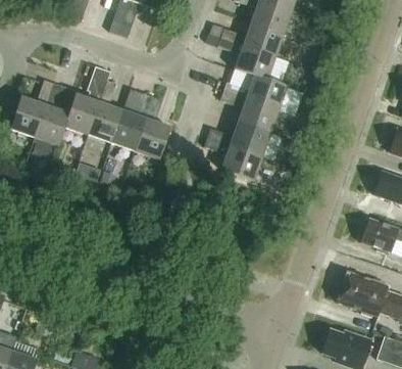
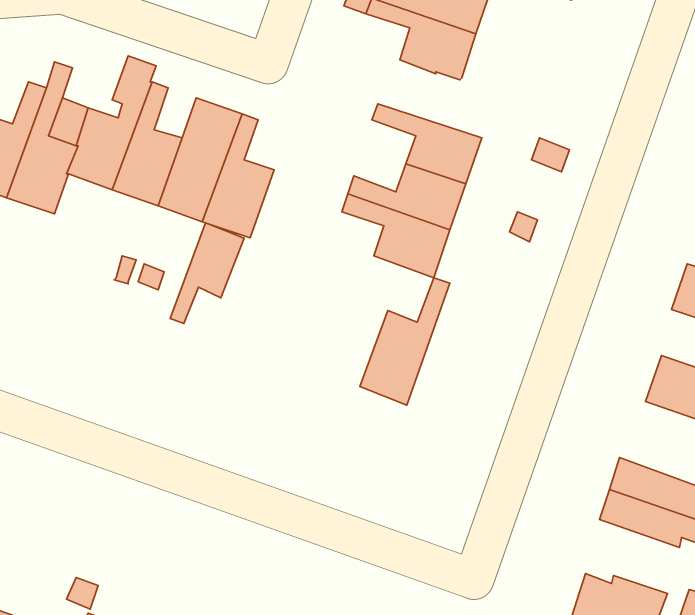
building: [224,75,286,108] -> none
building: none -> [170,223,244,324]
building: none -> [360,278,450,405]

